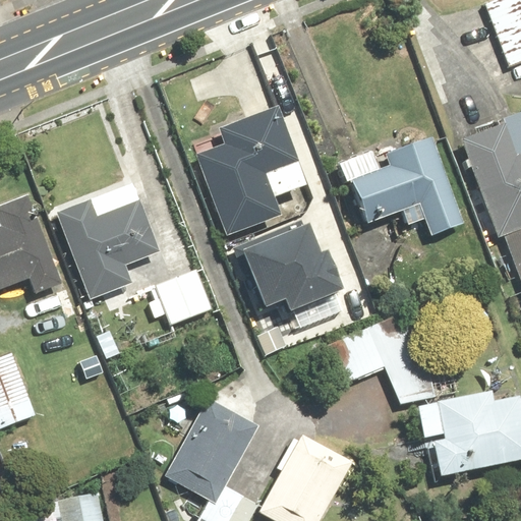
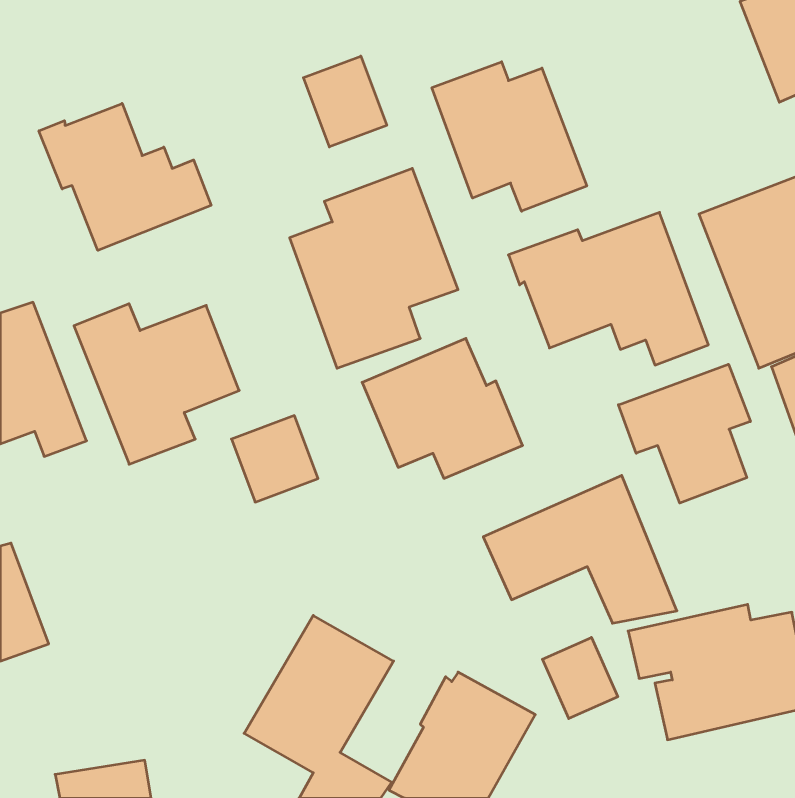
building: none -> [303,56,387,147]
building: none -> [432,62,587,211]
building: none -> [39,103,211,250]
building: none -> [618,364,750,503]
building: none -> [542,637,618,719]

